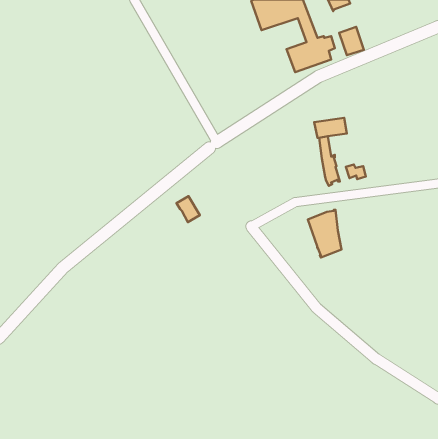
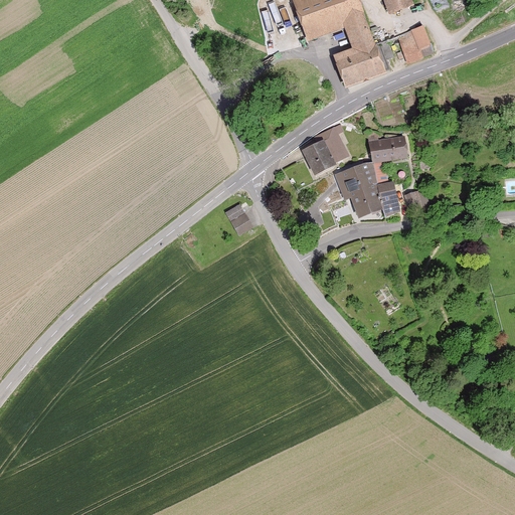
building: none -> [305,135,344,173]
building: [177,196,200,222] -> [224,204,251,234]
building: [308,210,341,257] -> [341,161,380,216]

